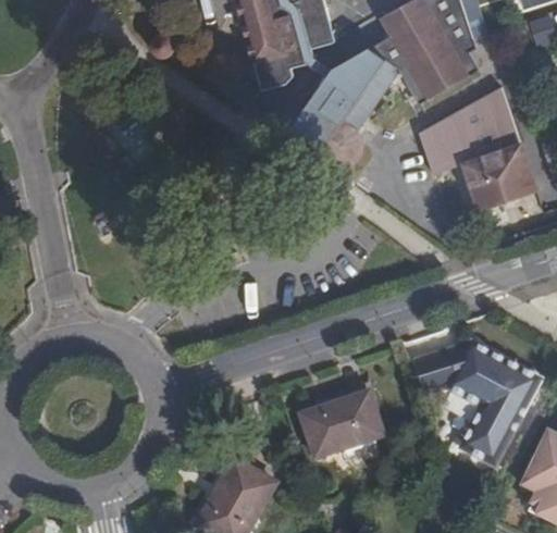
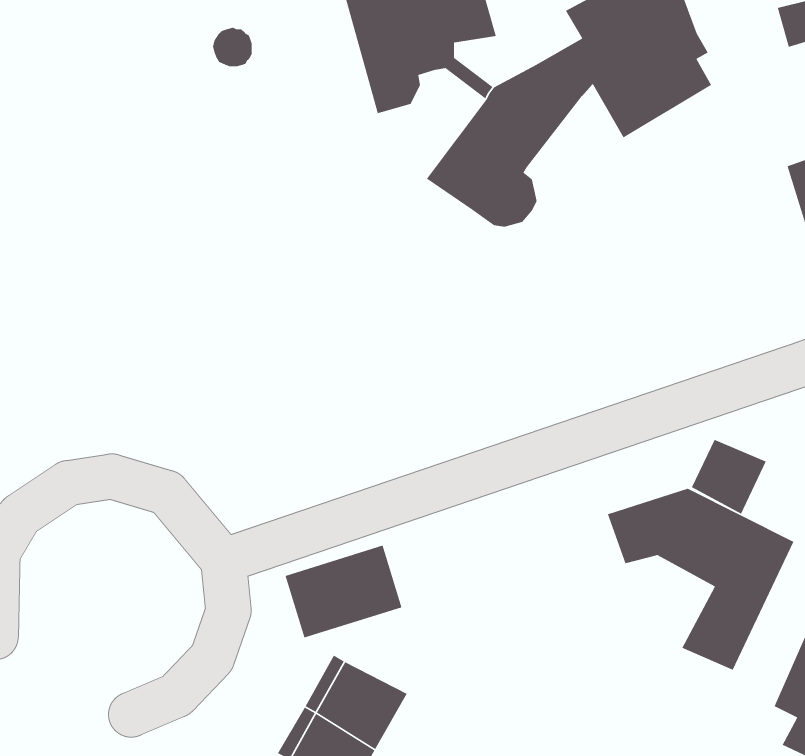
building: [419,86,535,207] -> none
building: none -> [691,439,767,515]
building: [298,389,377,453] -> [284,545,403,638]

